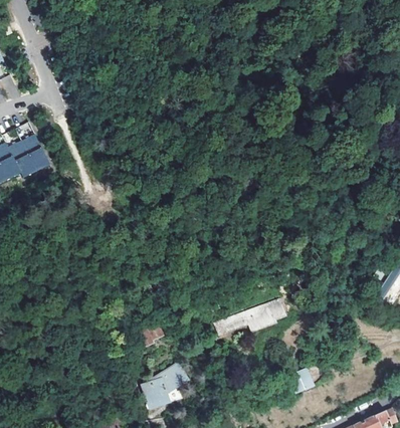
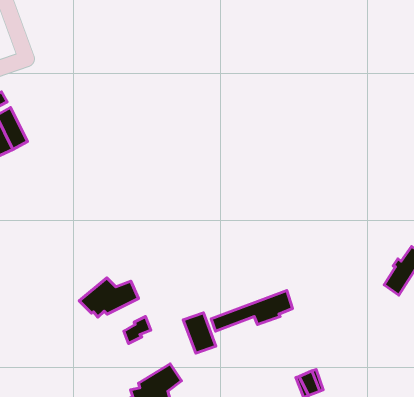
building: none -> [79,278,139,317]
building: none -> [183,313,216,353]

